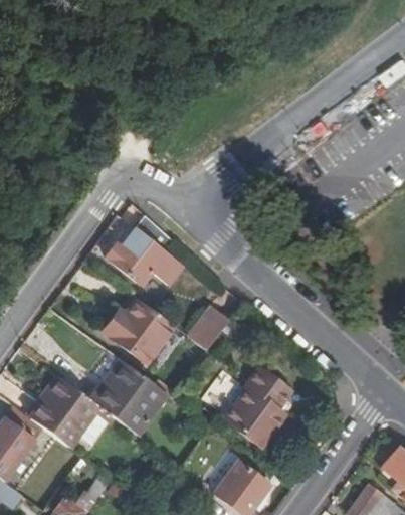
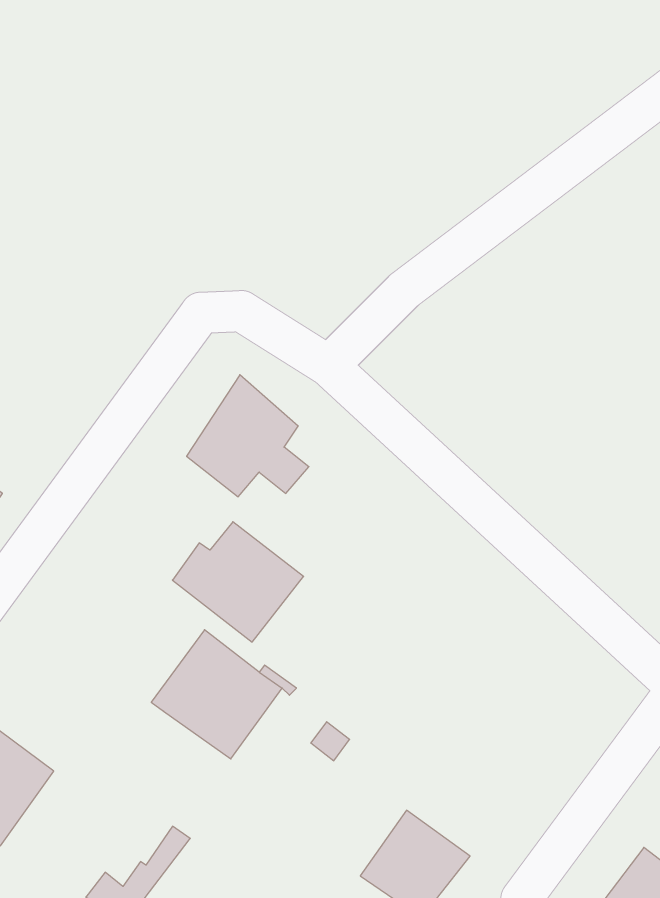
building: [187,307,228,351] -> none
building: [224,369,289,447] -> none
building: [31,378,98,447] -> none

